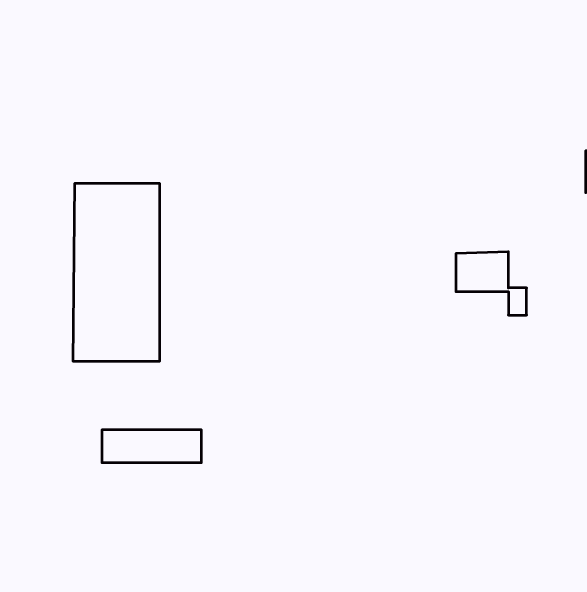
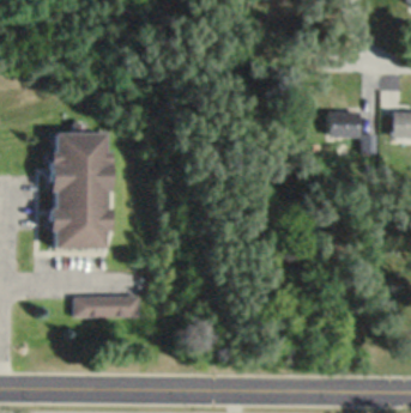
building: [456,252,527,315] -> [327,110,374,152]

